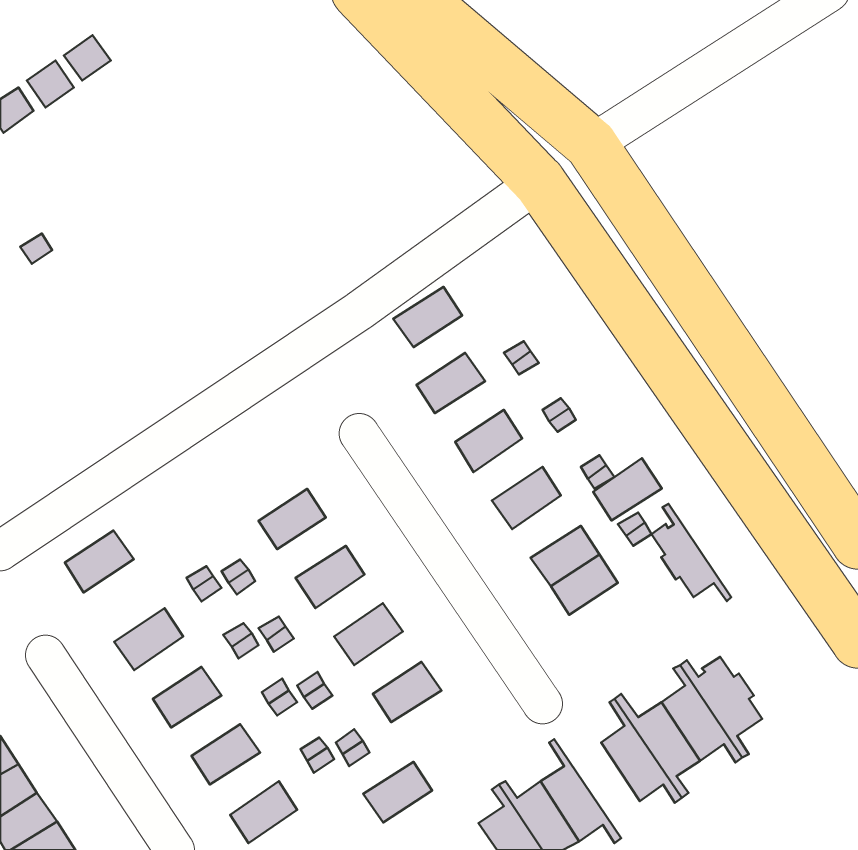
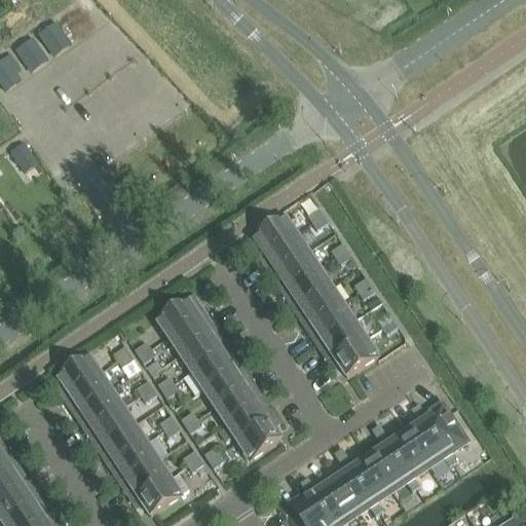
building: [393,287,462,347] -> [266,233,308,270]
building: none -> [290,268,332,306]
building: [593,458,662,520] -> [313,303,355,341]
building: [651,504,731,601] -> none
building: none -> [170,316,212,353]
building: [65,530,134,593] -> [59,354,101,392]
building: none -> [193,351,234,389]
building: none -> [217,386,258,424]
building: none -> [82,389,123,427]
building: none -> [105,425,147,462]
building: none -> [339,449,391,513]
building: none -> [128,460,171,498]
building: [363,762,432,822] -> [239,422,281,459]

